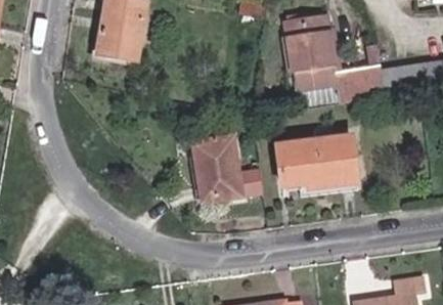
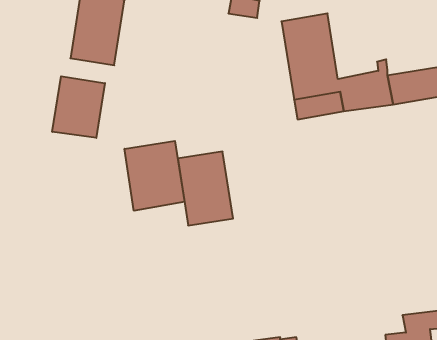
building: none -> [52,76,105,138]
building: none -> [125,141,184,211]
building: [277,135,358,187] -> none

